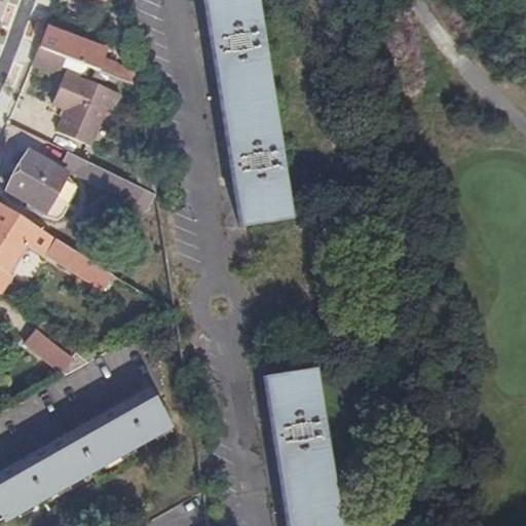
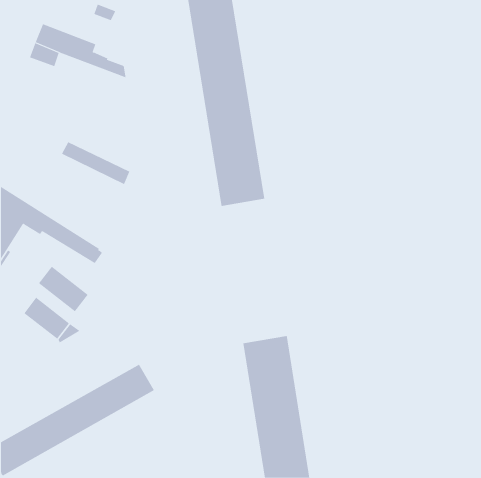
building: [54,71,121,145] -> none
building: [7,152,66,210] -> none
building: none -> [38,266,89,312]

